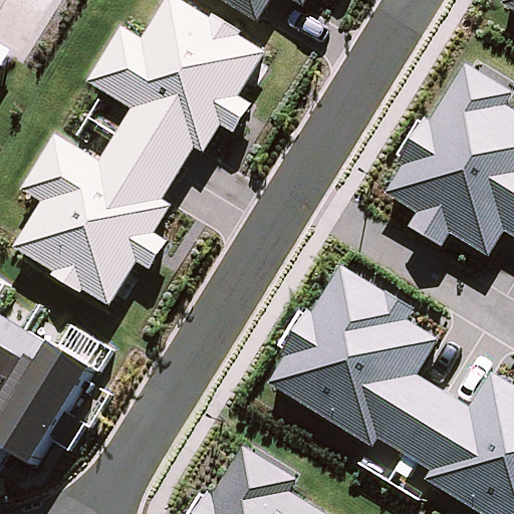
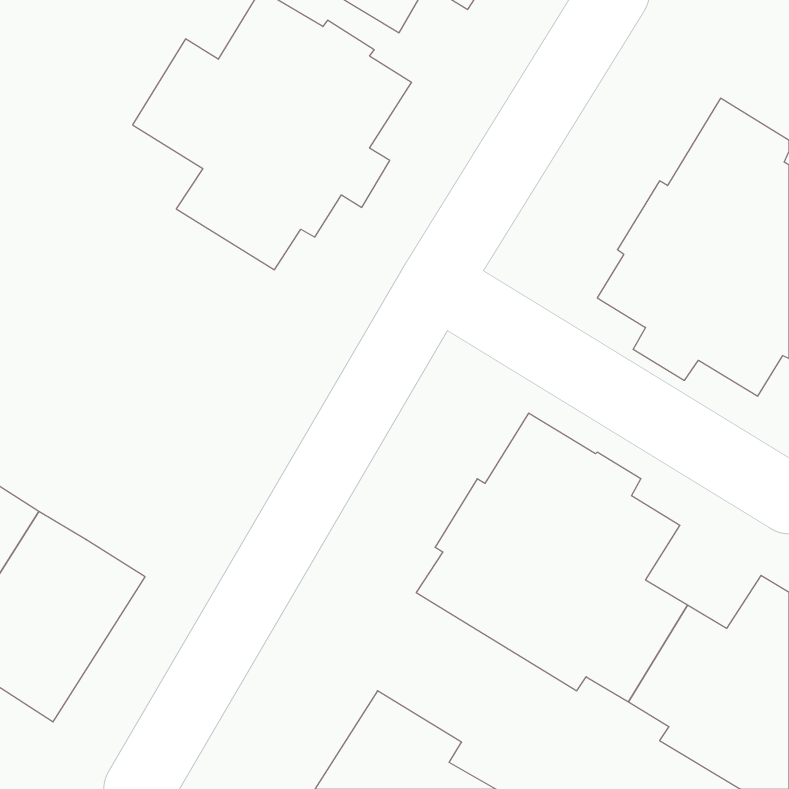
building: [12,133,177,305] -> none

